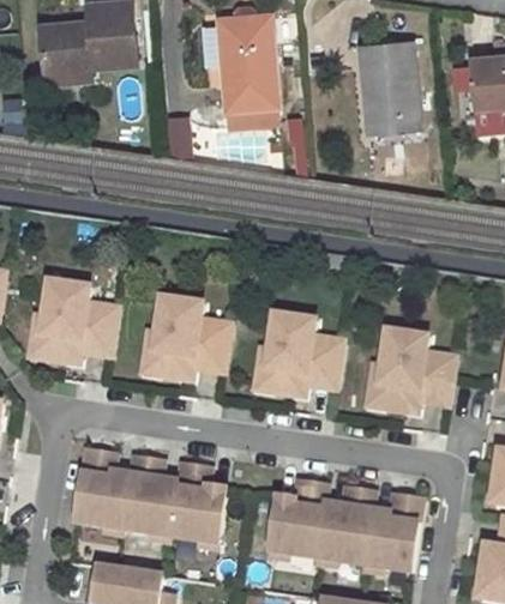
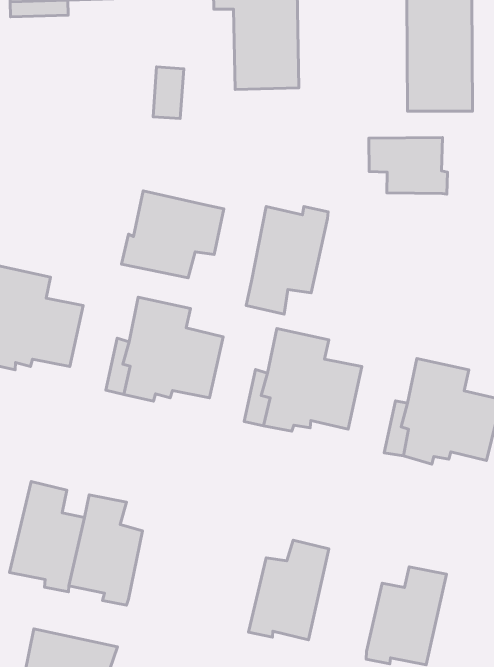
building: none -> [369,138,448,194]
building: none -> [121,191,224,278]
building: none -> [246,206,328,314]
building: [172,464,227,549] -> none
building: [315,488,375,566] -> none

